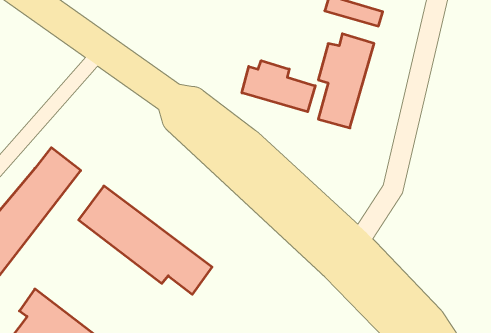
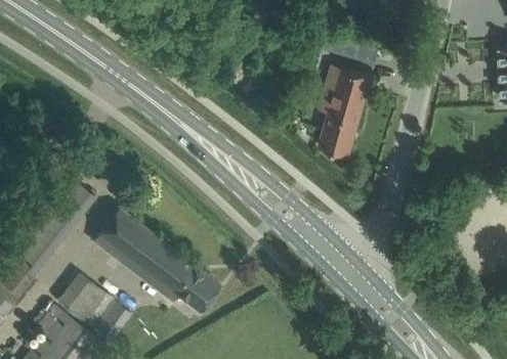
building: [242,61,315,112] -> none
building: none -> [56,271,132,342]

